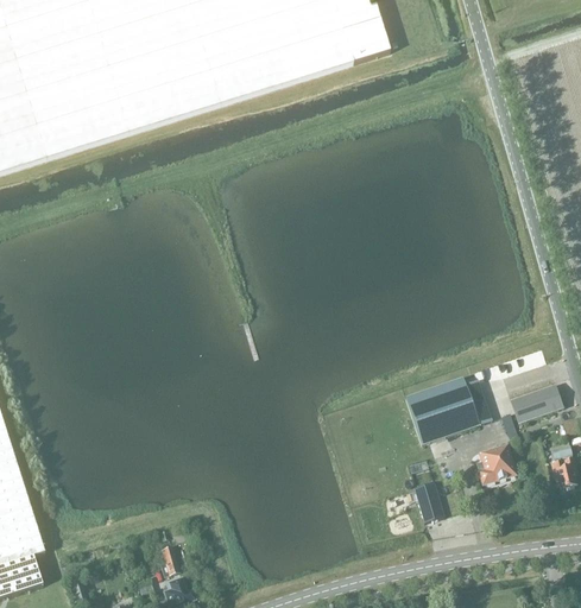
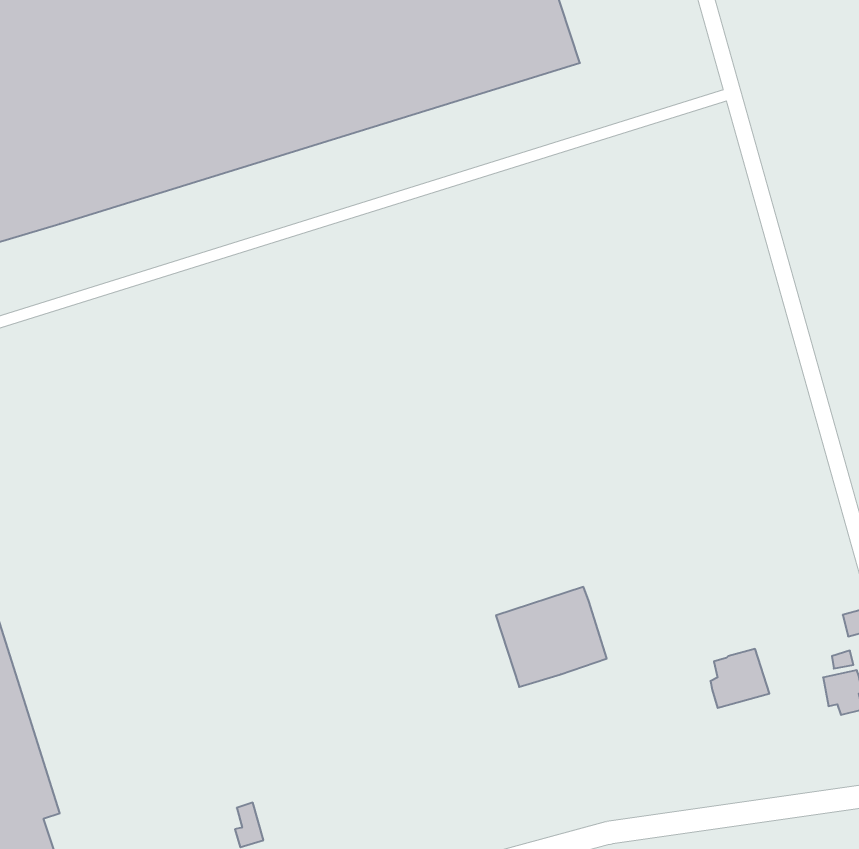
building: [404,374,478,441] -> [496,587,607,687]
building: [510,382,562,419] -> none
building: [412,479,442,519] -> none

